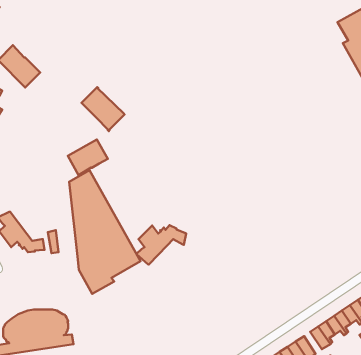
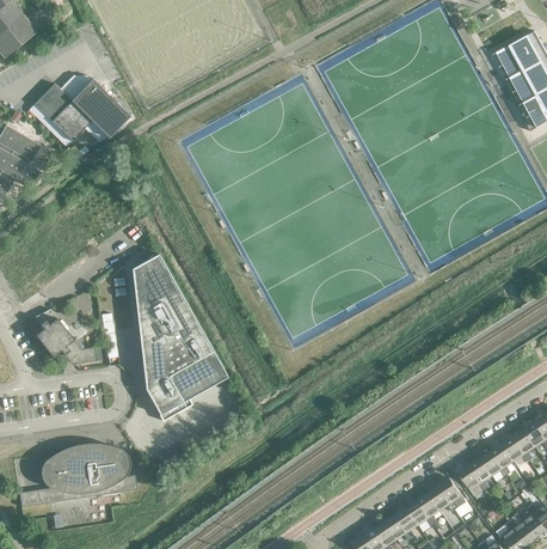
building: [81,87,125,131] -> [72,79,130,139]
building: [68,140,108,175] -> none
building: [137,225,186,264] -> none

